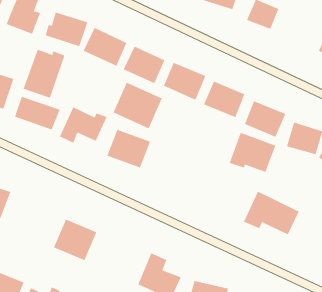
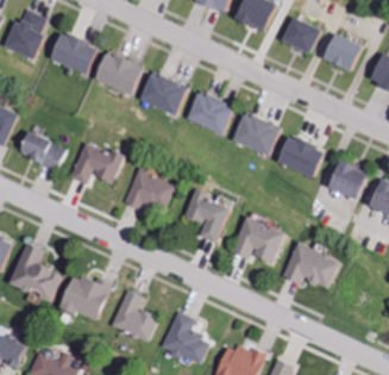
building: none -> [322,33,366,71]
building: [23,49,65,99] -> none
building: [113,82,162,129] -> none
building: [229,132,276,172] -> [233,218,288,264]
building: none -> [183,188,231,244]
building: none -> [12,243,62,301]
building: none -> [111,289,158,342]

